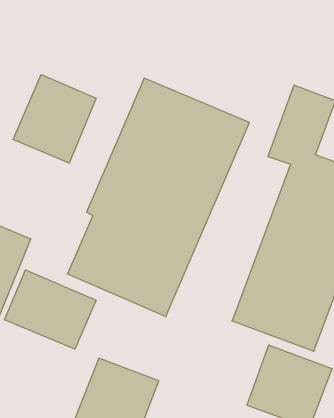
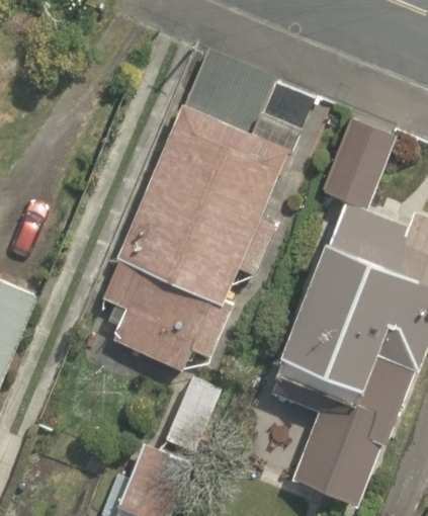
building: [13,75,96,163] -> none
building: [5,270,96,349] -> none

